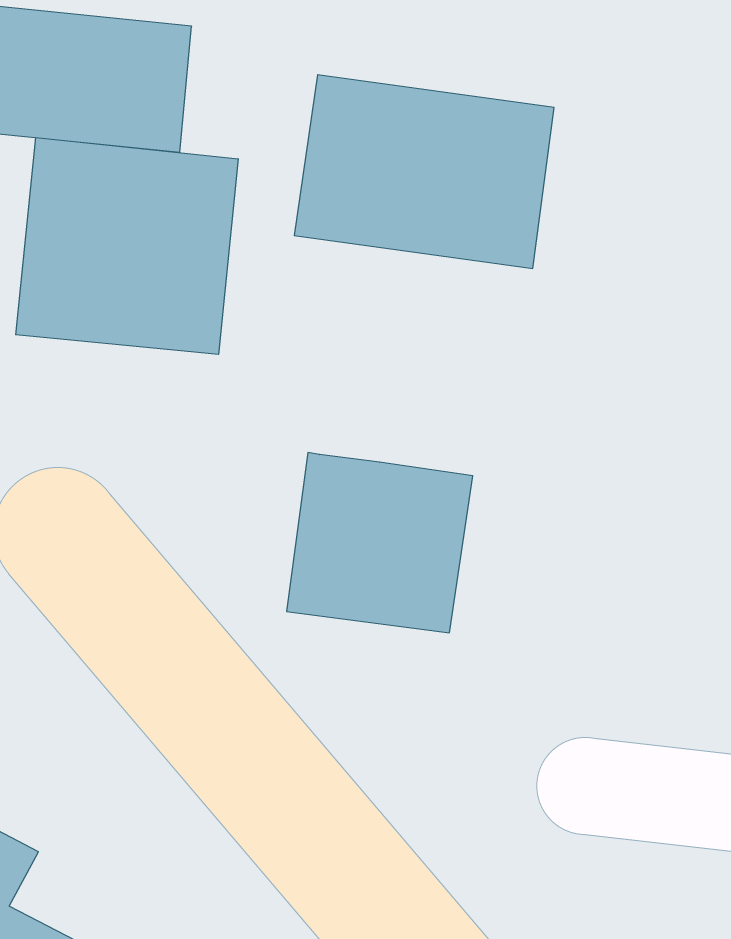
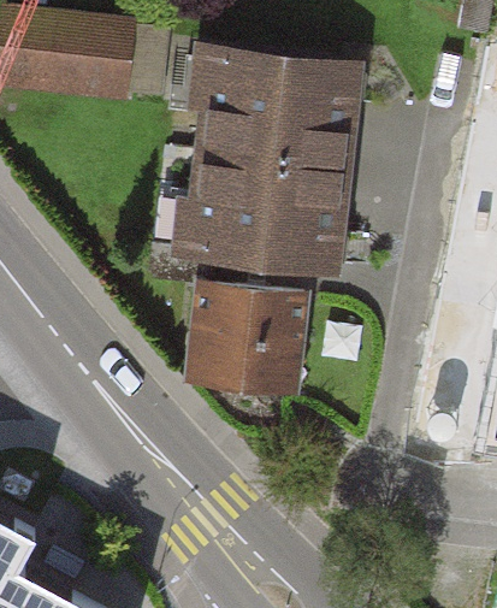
building: [16,138,238,354] -> none
building: none -> [184,148,347,289]

